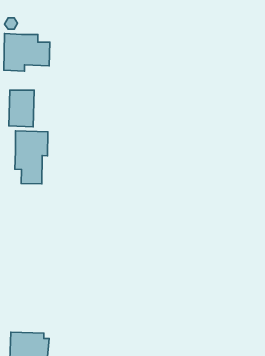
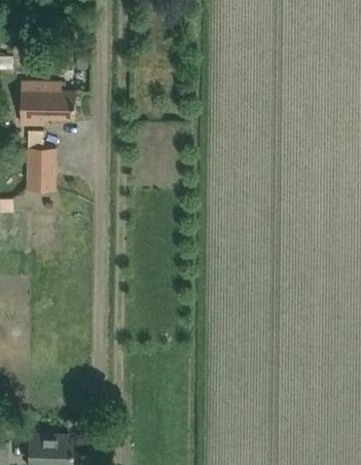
building: [15,131,48,184] -> none

